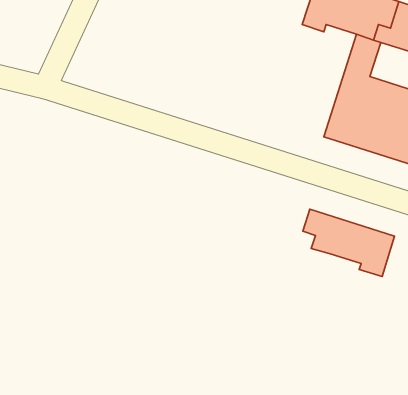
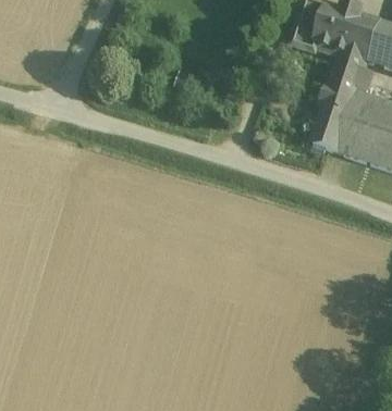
building: [303,209,395,277] -> none

